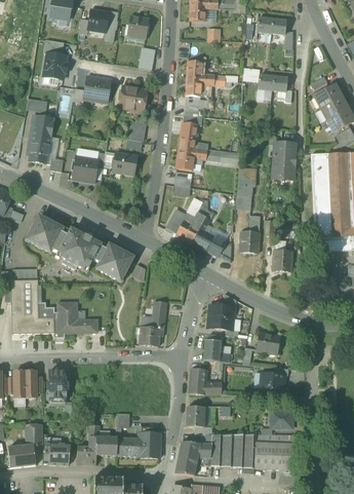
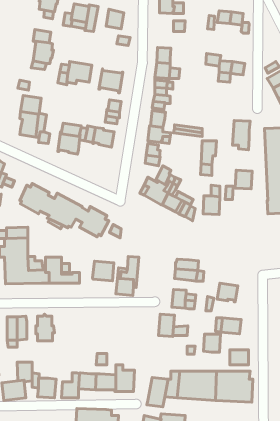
building: [273,250,292,271] -> [235,170,252,189]
building: none -> [93,261,114,281]
building: [186,406,205,426] -> [204,334,221,352]

